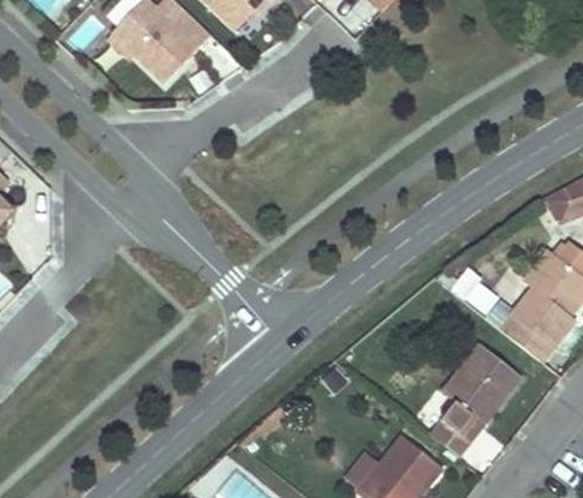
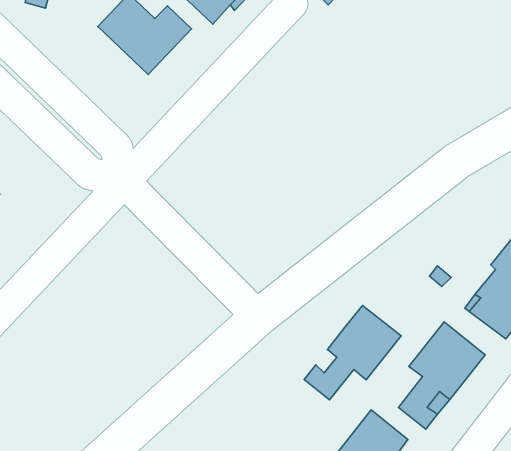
building: none -> [304,305,401,400]

